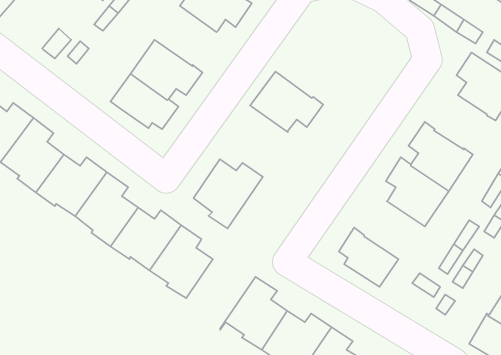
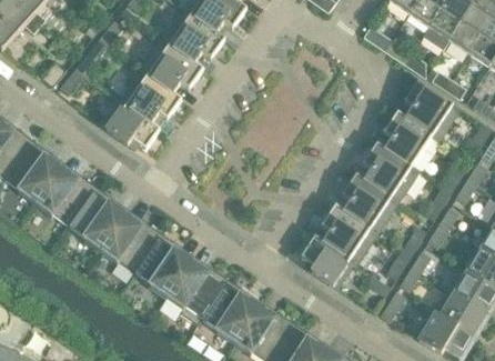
building: [250,72,323,132] -> [140,40,204,93]
building: none -> [384,112,432,167]
building: [193,159,263,228] -> [168,263,229,324]
building: none -> [322,204,377,265]

